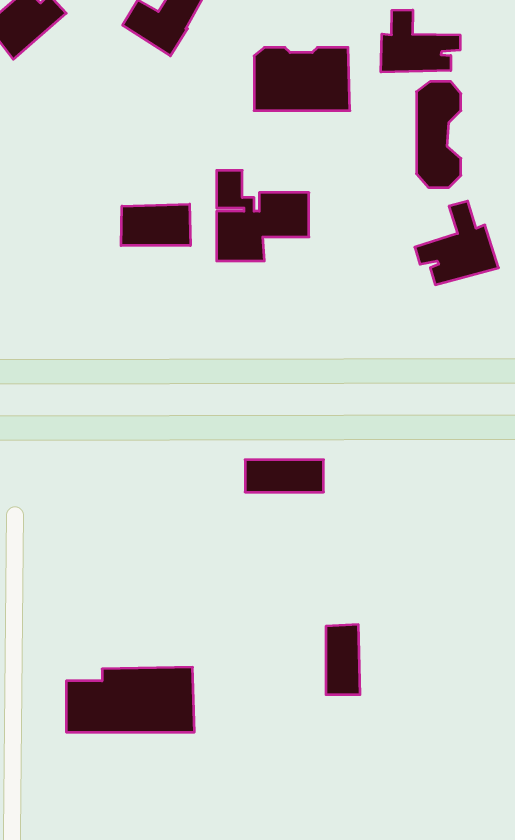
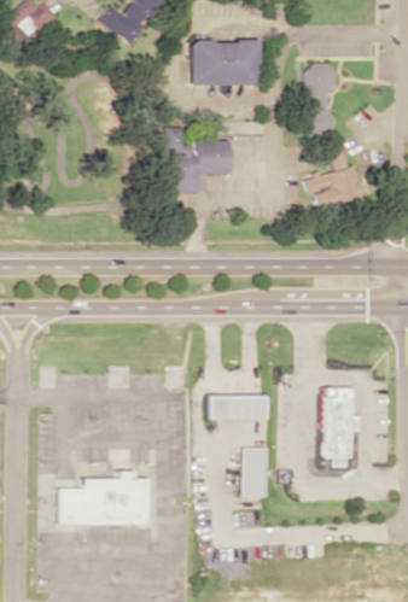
building: [381,10,460,72] -> none
building: [121,204,190,246] -> none
building: [245,460,324,492] -> [210,396,266,419]
building: none -> [324,387,357,467]

